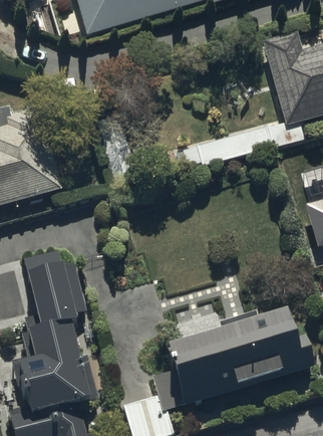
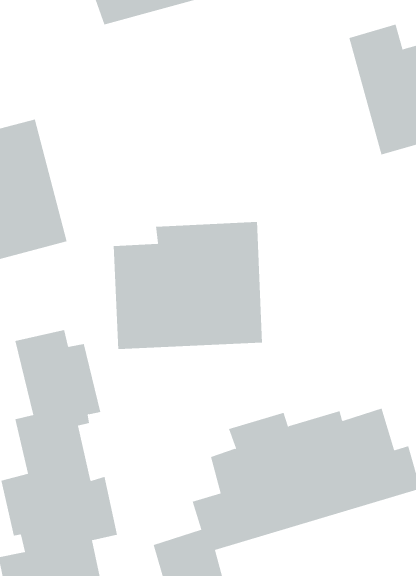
building: none -> [113,221,262,350]

